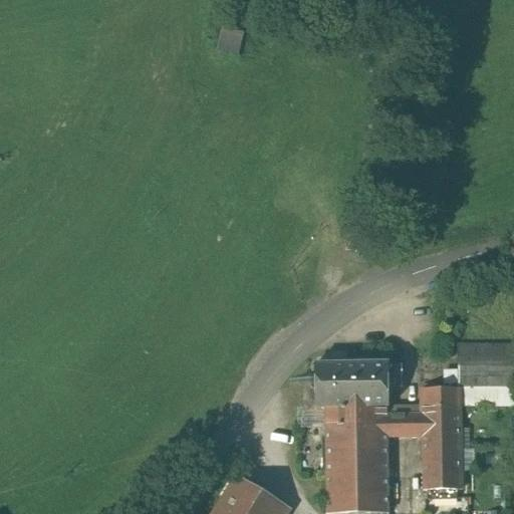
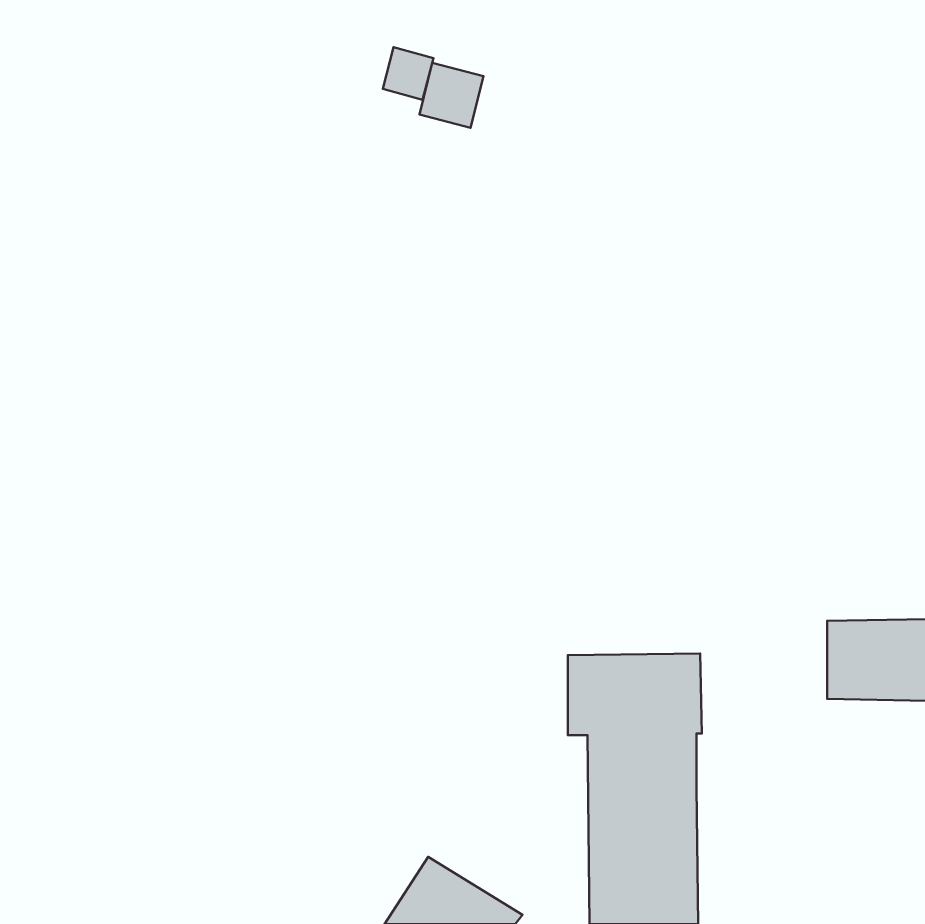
building: none -> [419,63,483,128]
building: [387,387,461,488] -> none

